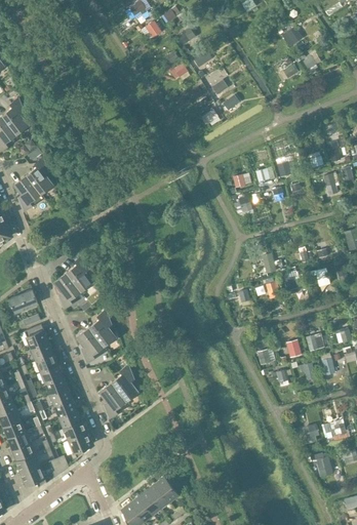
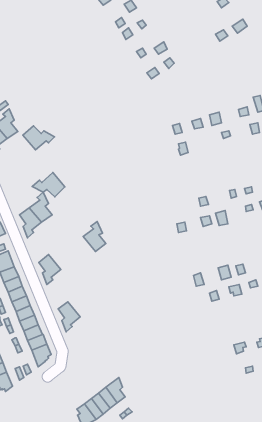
building: none -> [23,126,55,150]
building: none -> [32,173,65,197]
building: [87,311,114,346] -> [83,222,106,252]
building: [110,365,136,401] -> none

